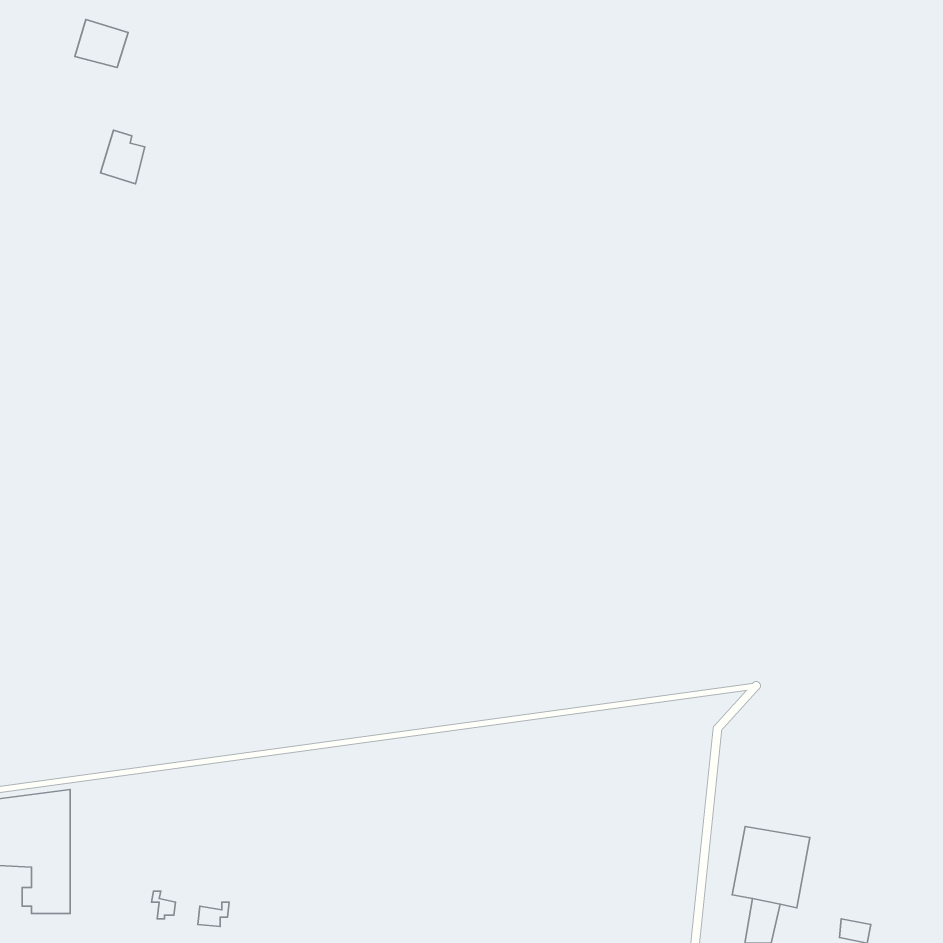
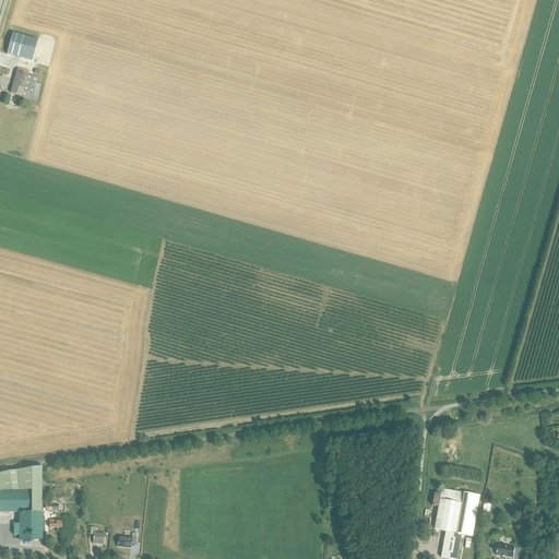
building: [75,19,128,68] -> [5,32,37,60]
building: [101,130,145,184] -> [10,68,36,99]

